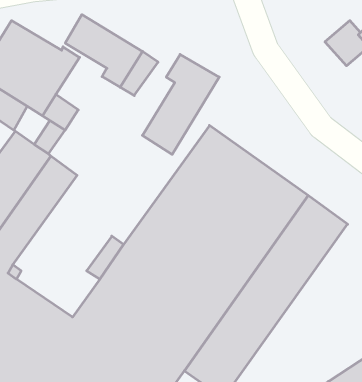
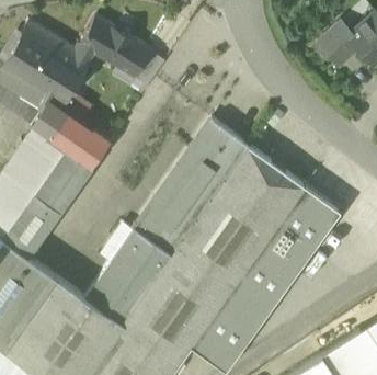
building: [142,54,219,154] -> none
building: none -> [33,104,66,139]
building: none -> [65,126,108,168]

